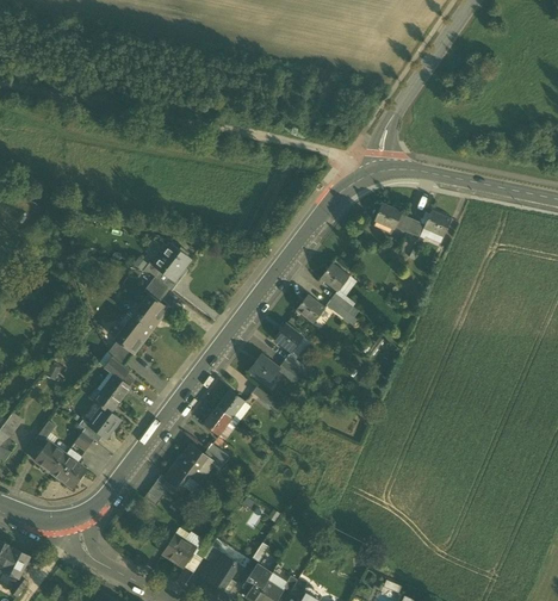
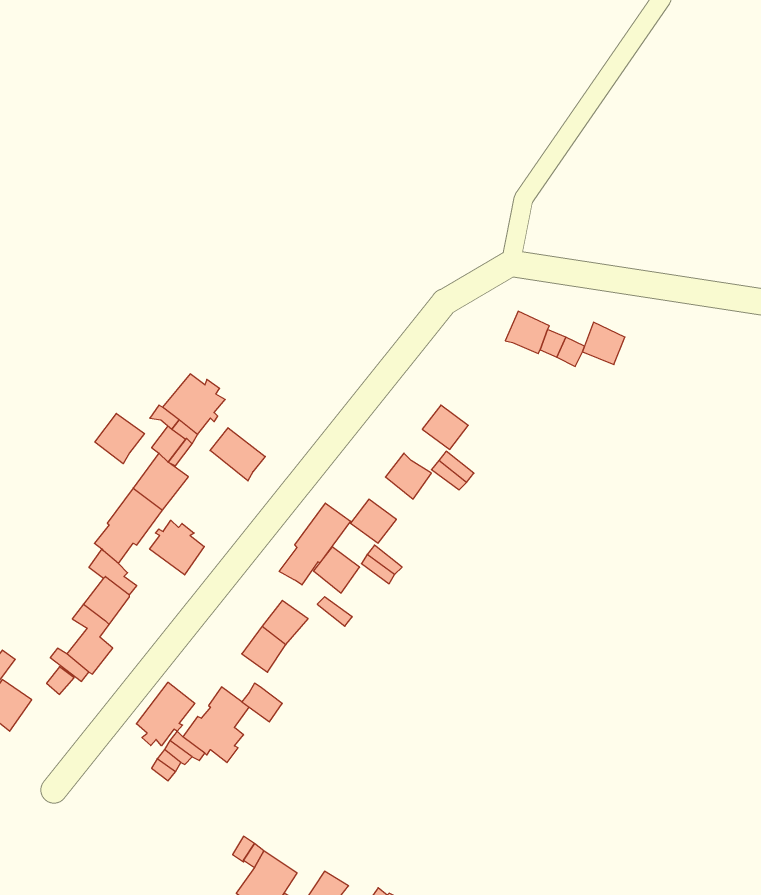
building: none -> [95,413,144,464]
building: none -> [210,428,265,481]
building: none -> [279,503,351,585]
building: none -> [150,520,204,575]
building: none -> [136,682,195,746]
building: [51,453,86,488] -> none
building: [161,533,194,566] -> none

